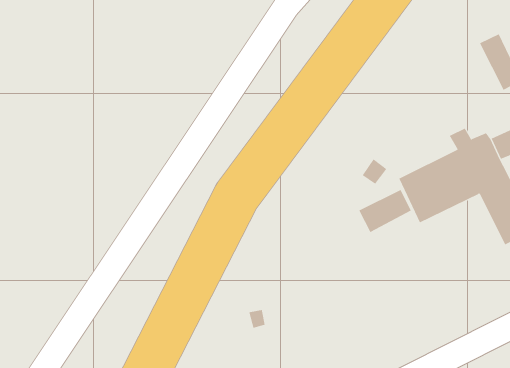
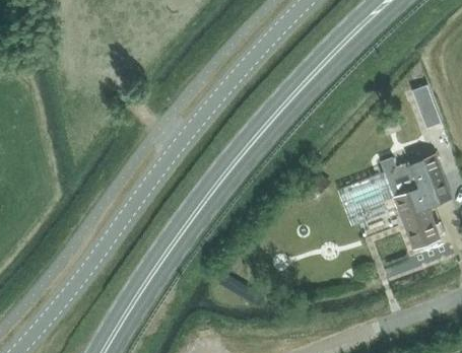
building: [359,189,411,233] -> none

